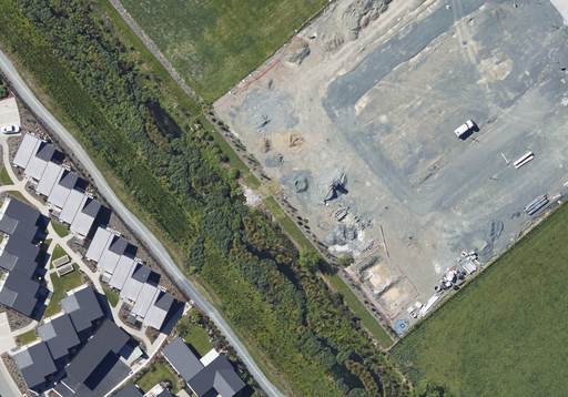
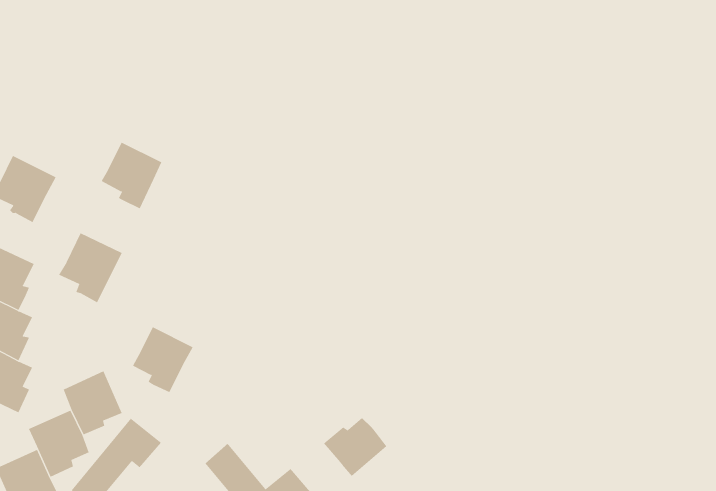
building: [34,162,78,210] -> [101,142,162,209]
building: [83,227,129,275] -> none
building: [131,282,175,330] -> none
building: none -> [323,417,387,477]

